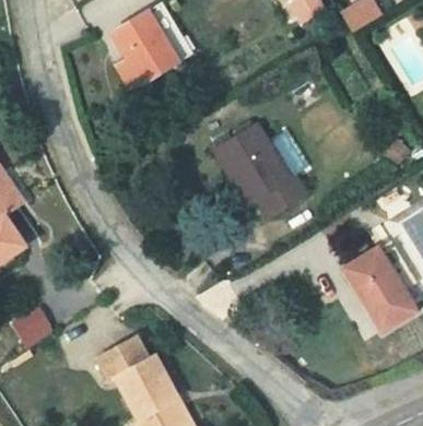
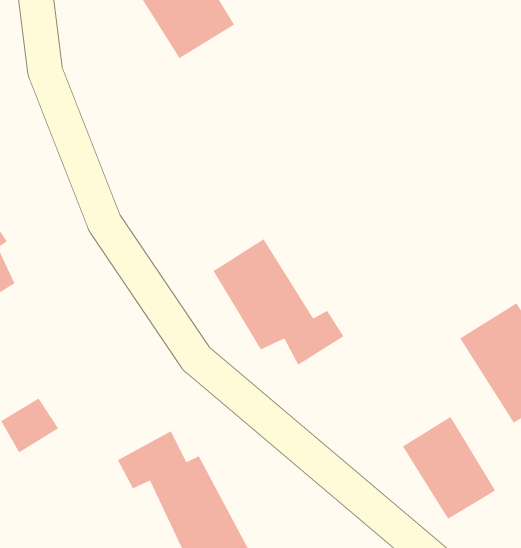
building: [214,125,307,214] -> [212,238,345,366]
building: none -> [402,416,496,520]

